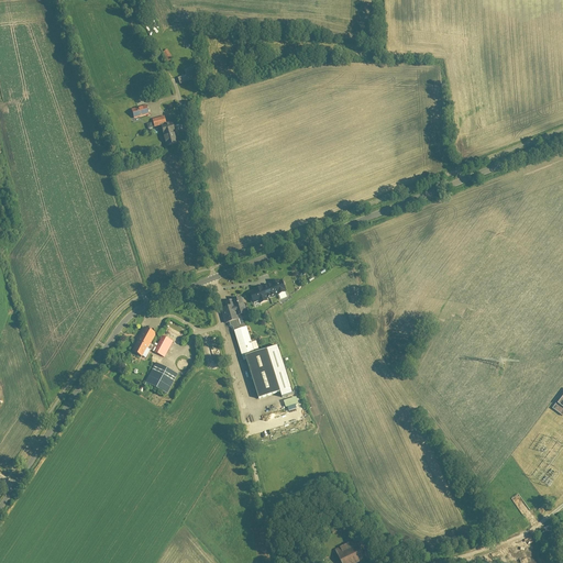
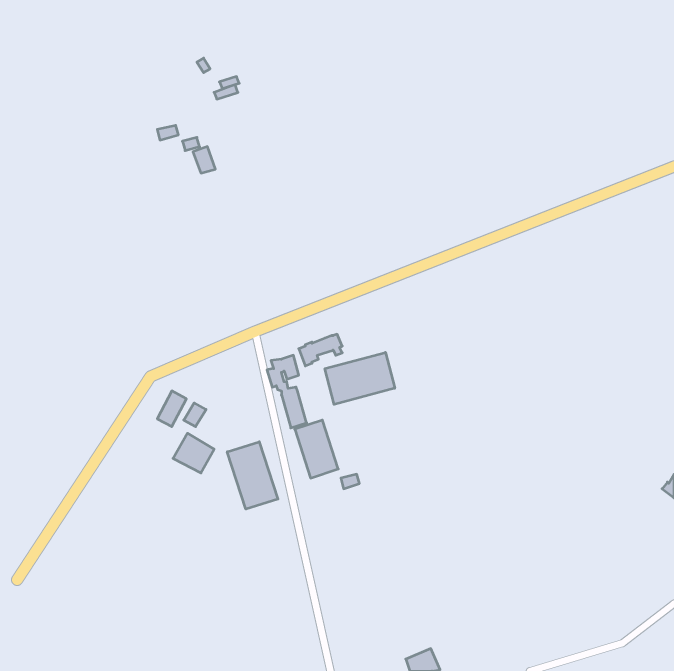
building: none -> [325,352,395,404]
building: none -> [227,442,278,509]

